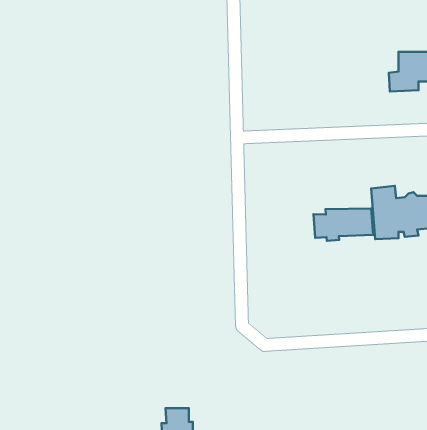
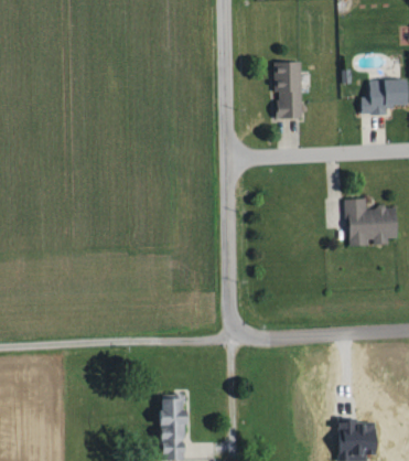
building: none -> [273,61,301,117]
building: [313,209,373,241] -> none

